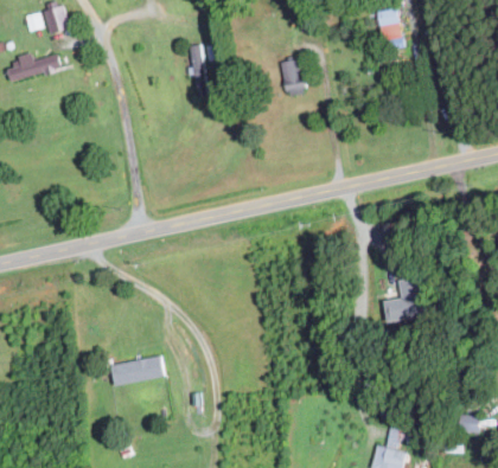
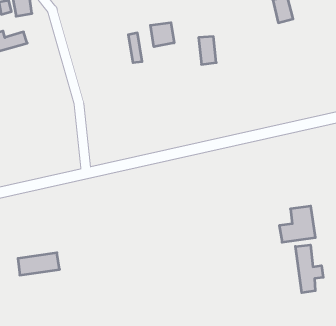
building: none -> [150,23,174,47]
building: none -> [295,245,323,293]
building: [110,357,164,385] -> [18,253,60,275]

